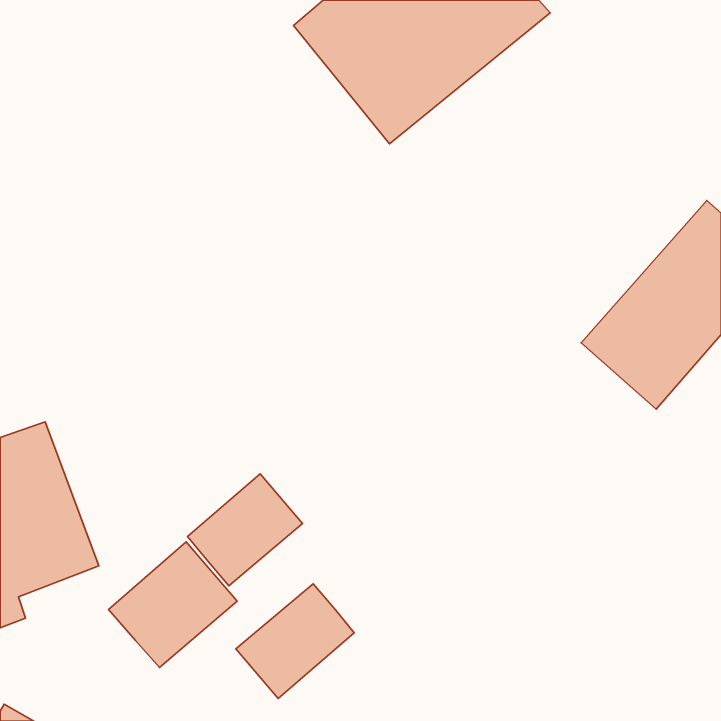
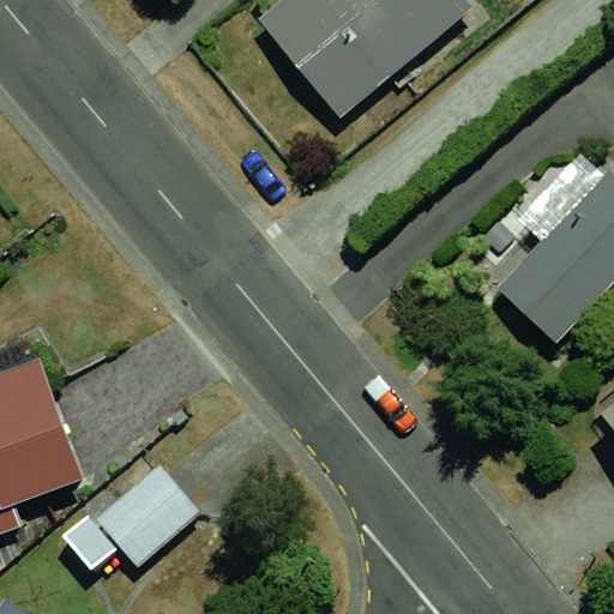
building: [187,474,303,586] -> none
building: [236,584,354,698] -> none

